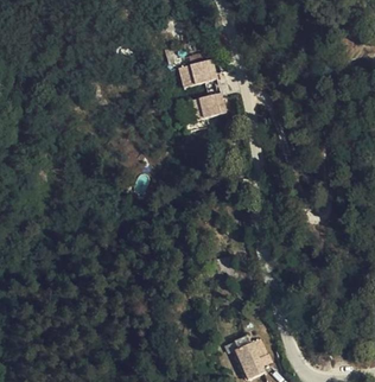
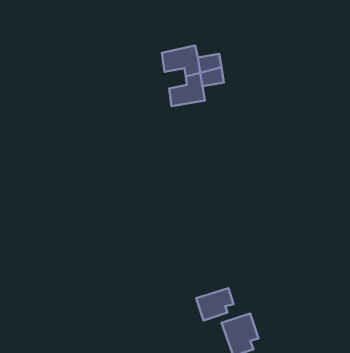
building: none -> [196,288,233,321]

